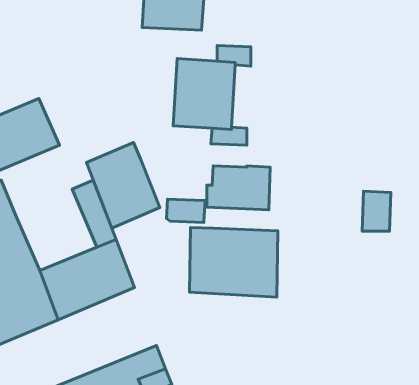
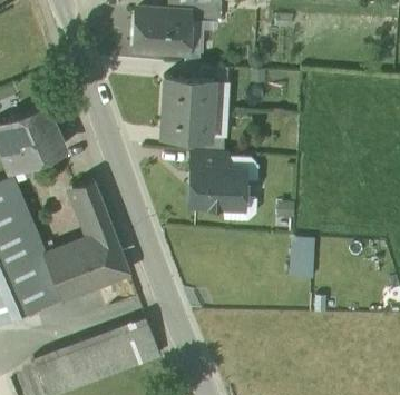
building: [87,142,160,228] -> none
building: [362,191,391,231] -> [289,238,313,273]
building: [166,199,205,222] -> [193,149,226,169]
building: [189,228,278,297] -> none

